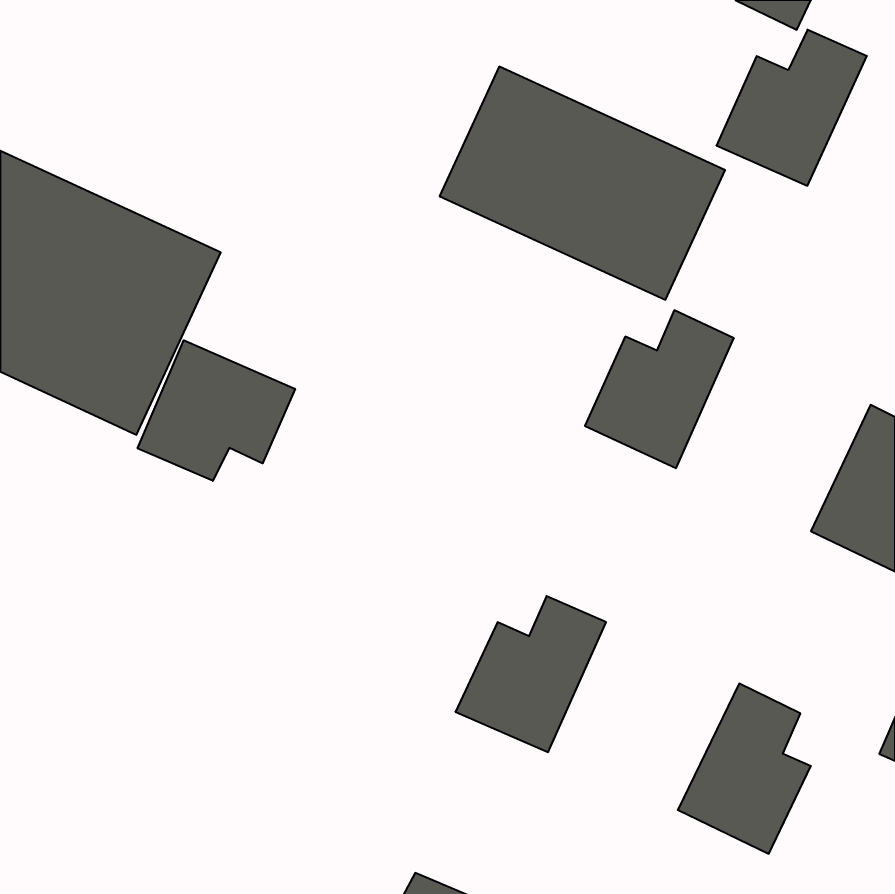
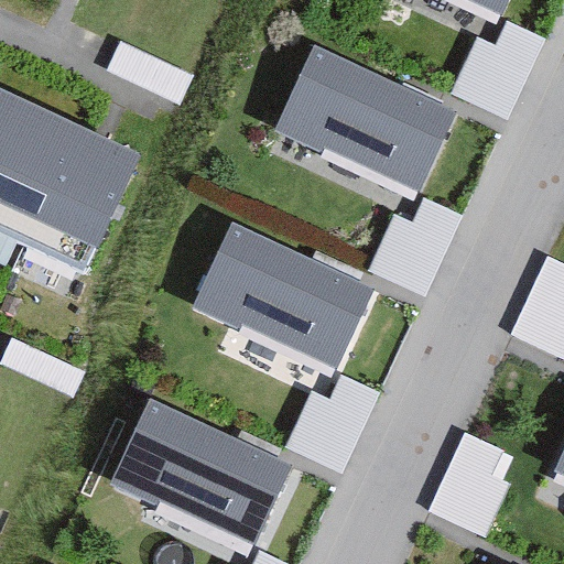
building: [138,340,295,481] -> none
building: none -> [195,228,373,368]
building: none -> [115,399,293,543]

